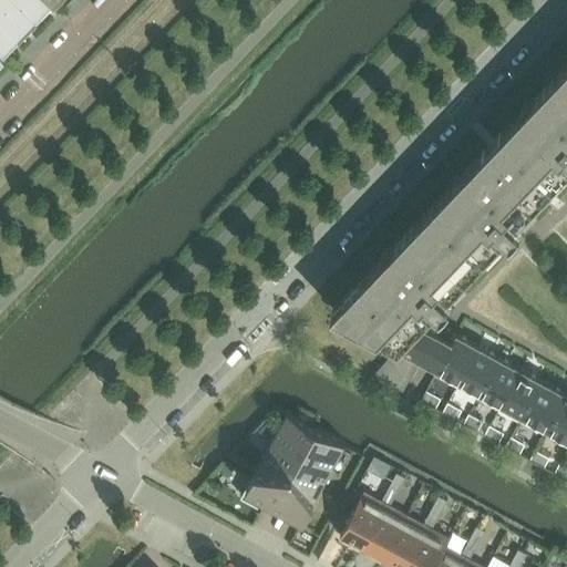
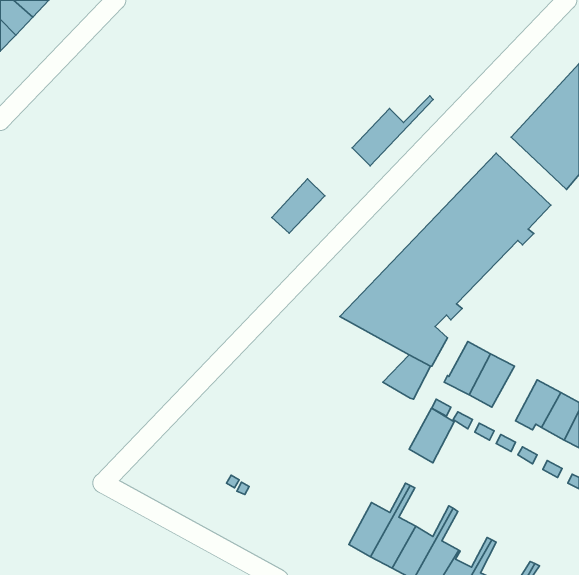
building: none -> [352,96,433,166]
building: [485,138,554,205] -> none
building: none -> [272,179,325,233]
building: [481,362,525,415] -> [409,408,454,463]
building: [241,415,346,522] -> none

